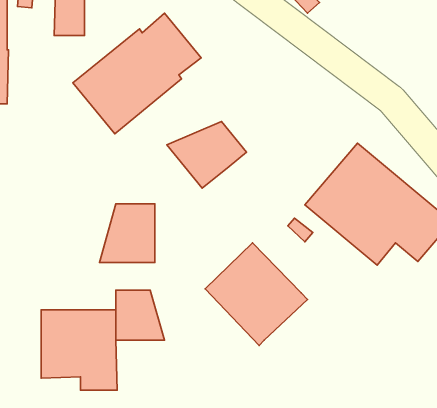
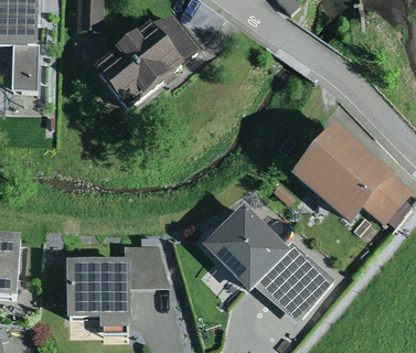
building: [167,122,246,188] -> none
building: [99,204,155,263] -> none
building: none -> [253,242,333,323]

